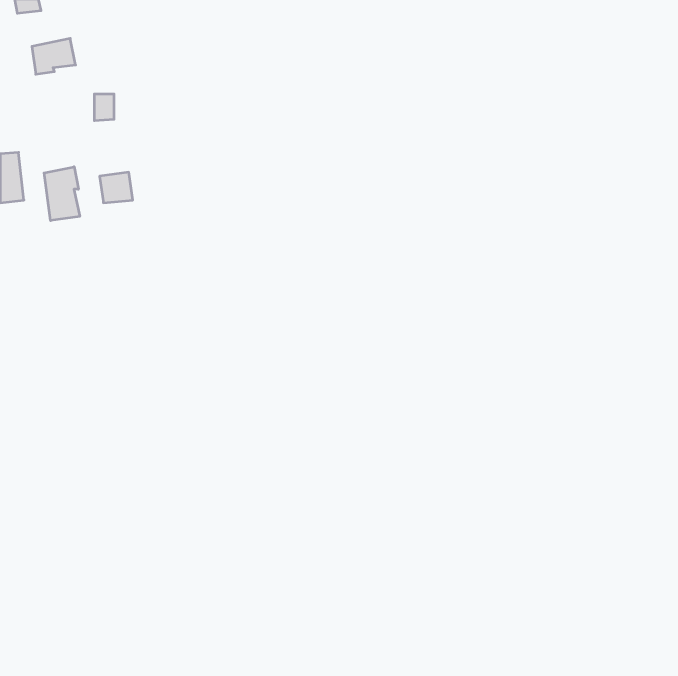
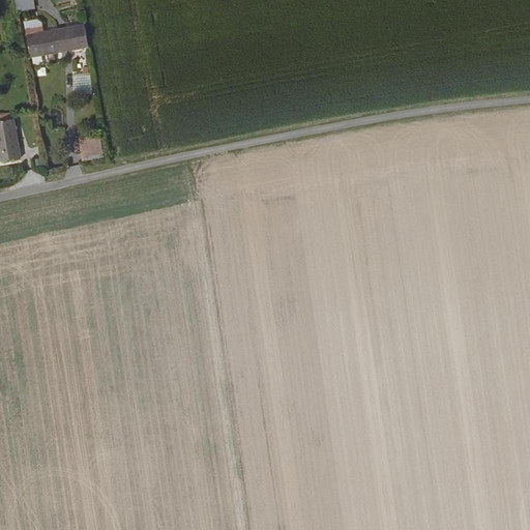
building: none -> [55,25,86,51]
building: [44,167,80,221] -> none

